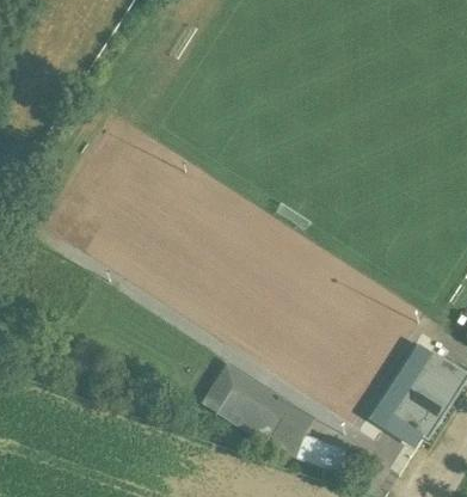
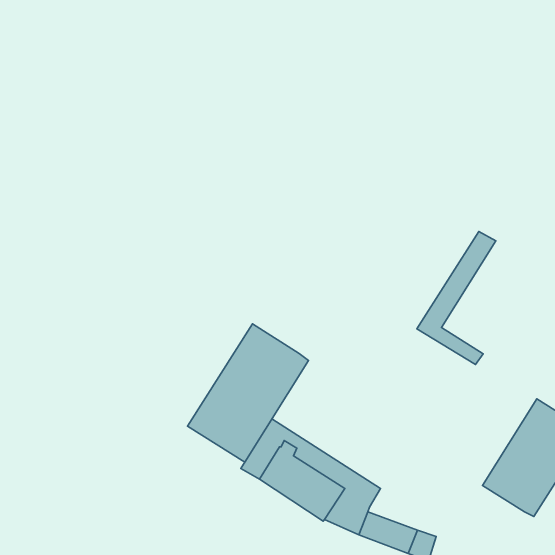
building: none -> [187,324,308,462]
building: [368,343,429,446] -> [417,231,496,365]

